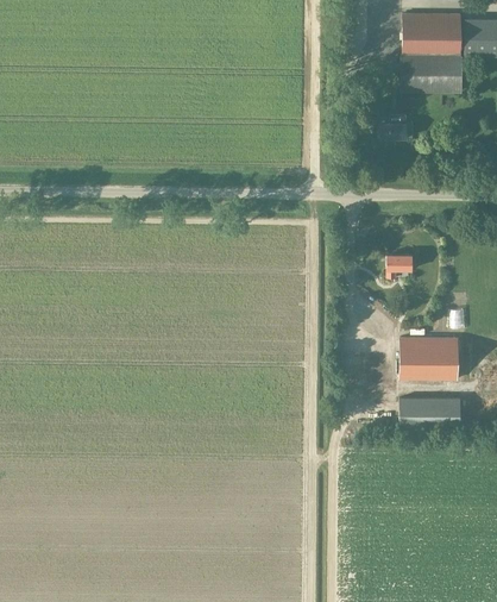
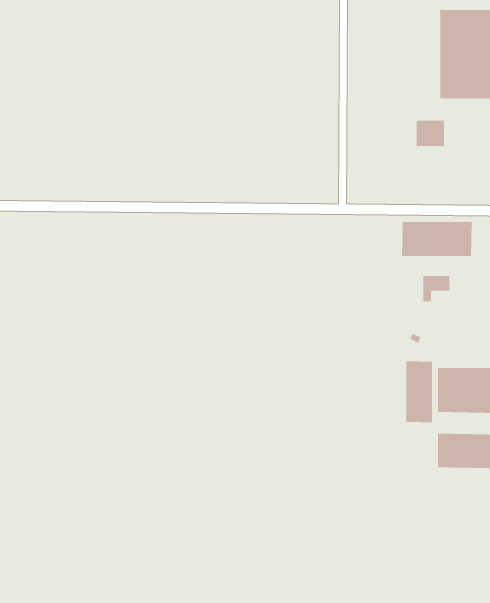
building: none -> [401,221,472,257]
building: none -> [406,360,433,423]

